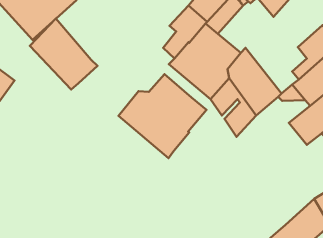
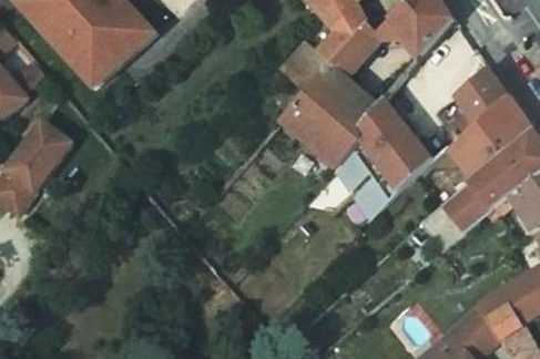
building: [30,18,97,89] -> none
building: [119,74,207,158] -> none

